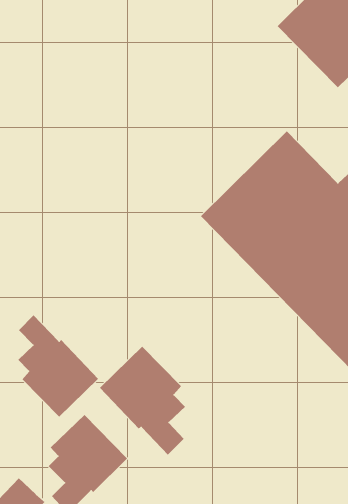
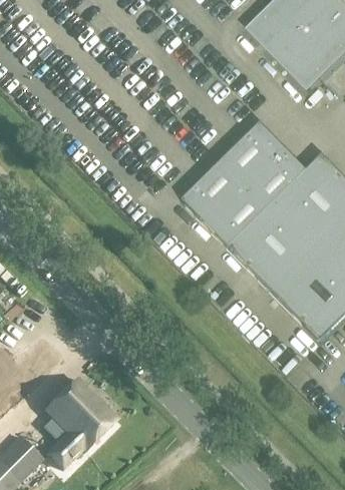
building: [18,314,99,418] -> none
building: [99,346,186,456] -> none

